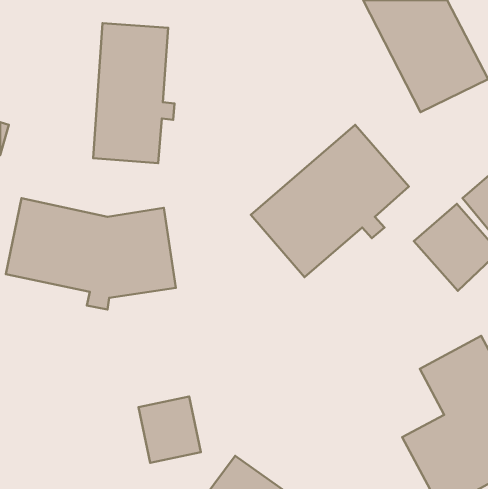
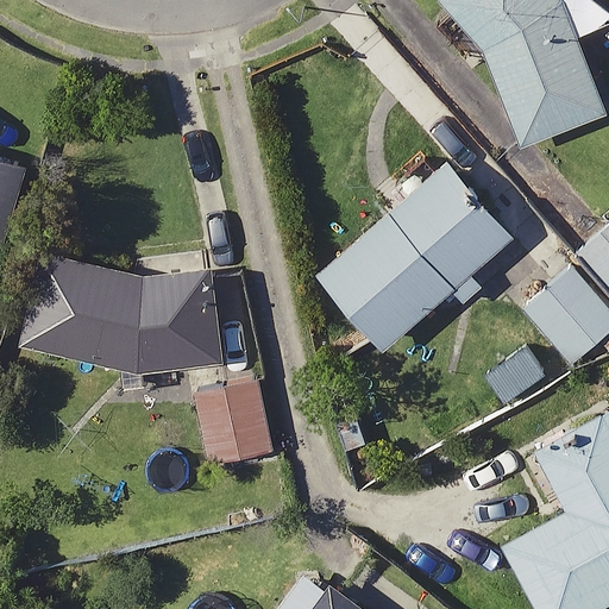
building: [93,23,174,163] -> none
building: [138,396,201,463] -> [197,383,274,464]

